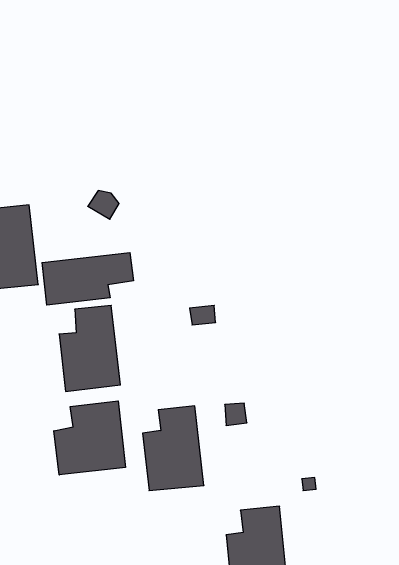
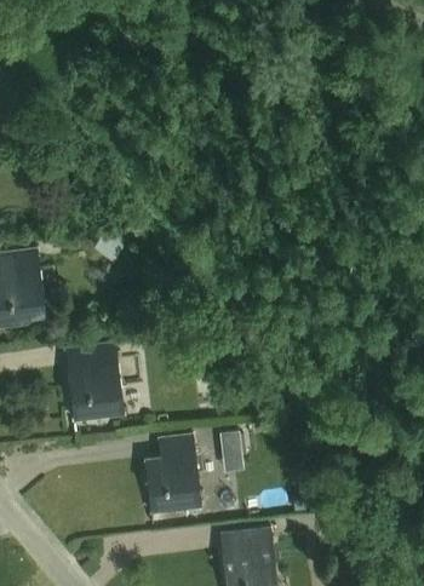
building: [42,253,133,305] -> none
building: [54,401,125,475] -> none

